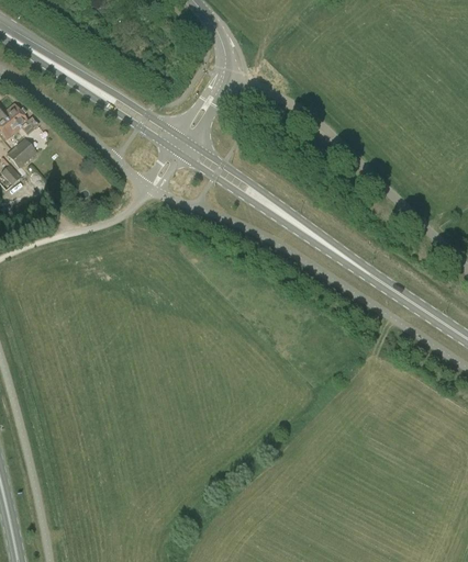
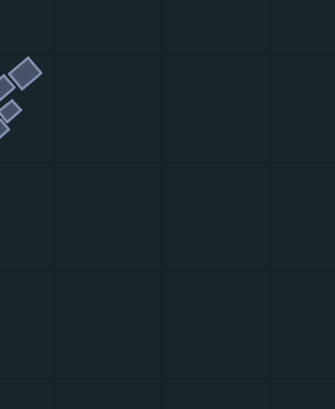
building: none -> [9,58,41,89]

